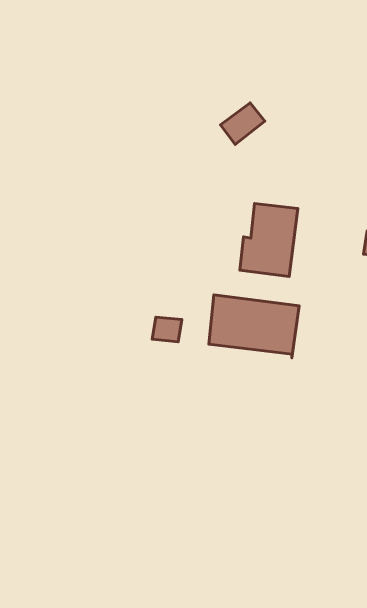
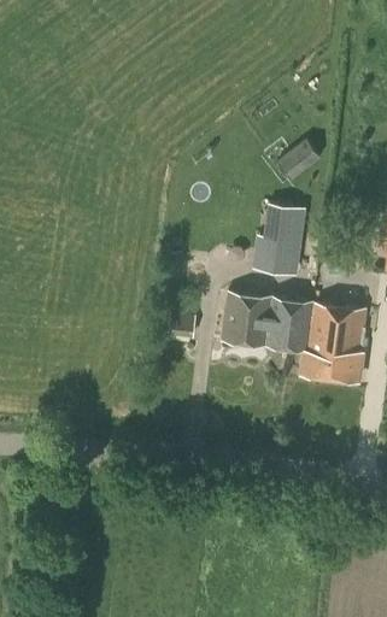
building: [220,103,265,145] -> [275,140,318,181]
building: none -> [299,304,364,382]

